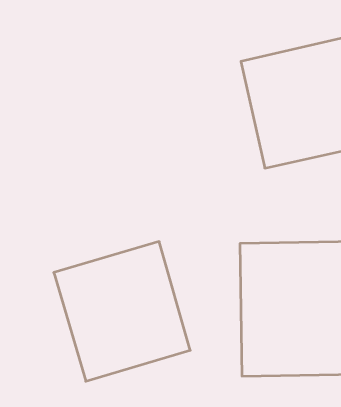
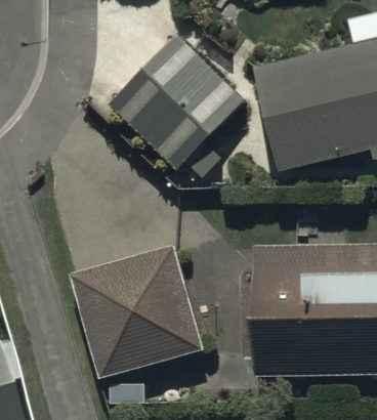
building: none -> [110,35,248,181]

